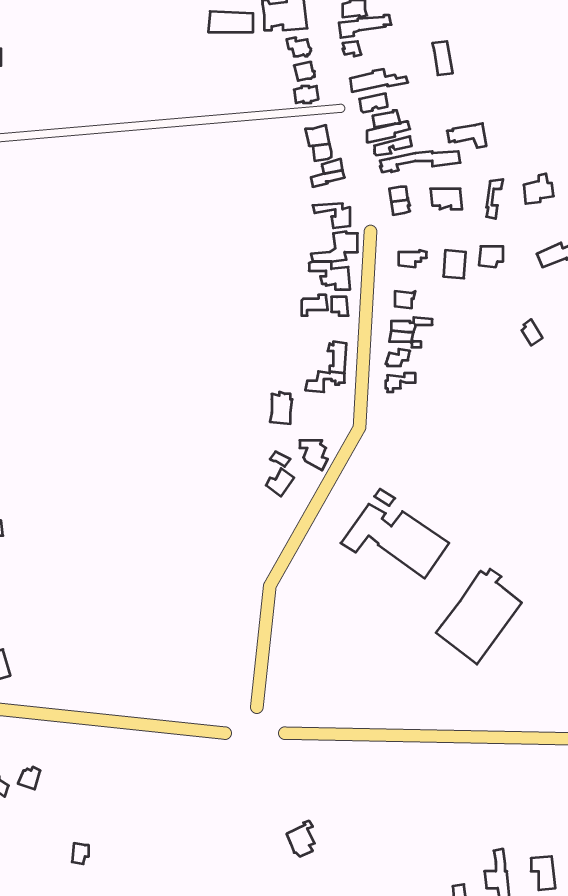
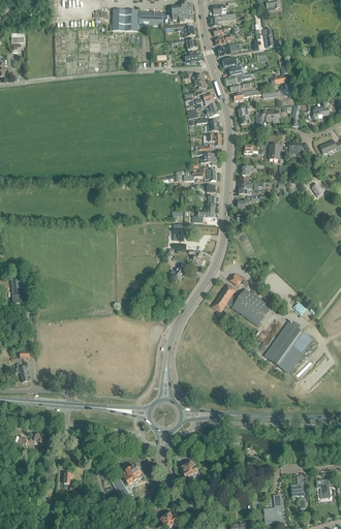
building: none -> [112,9,137,31]
building: none -> [111,465,141,497]

